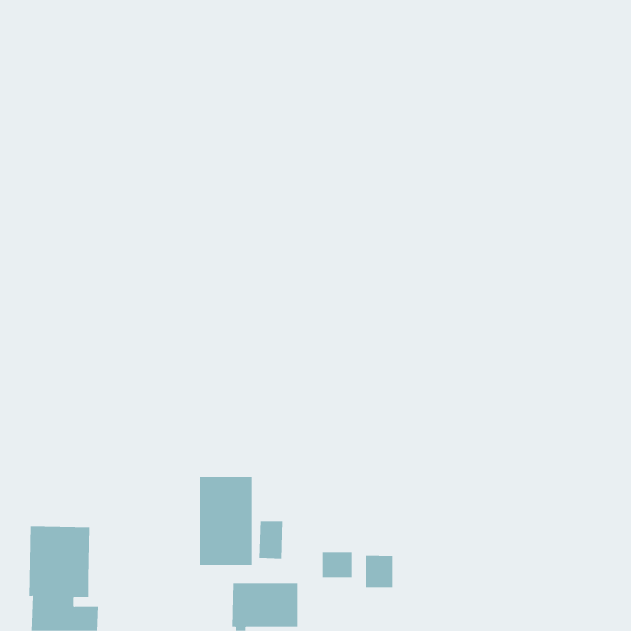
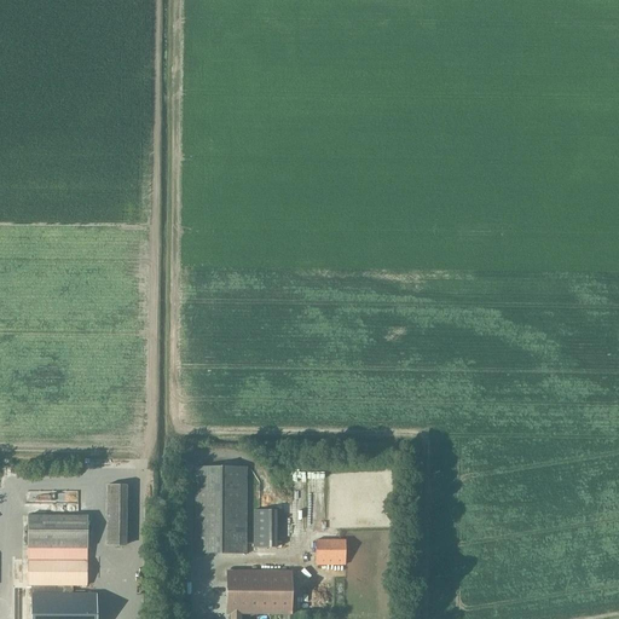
building: none -> [108,484,128,544]
building: [366,555,393,588] -> none

